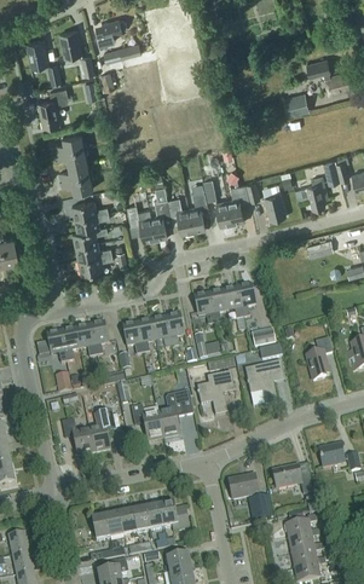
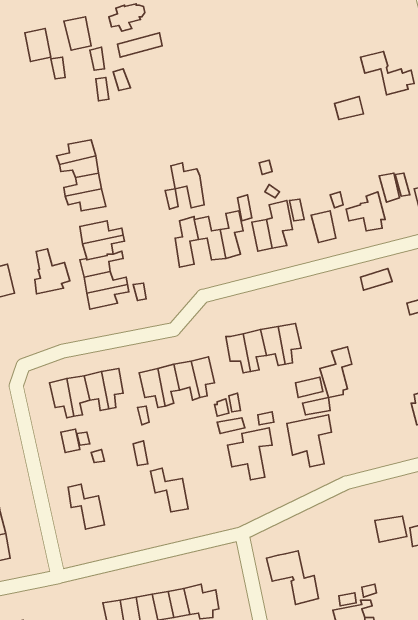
building: [39,87,68,125] -> none
building: [128,202,156,239] -> [171,163,204,208]
building: none -> [35,249,70,294]
building: [306,337,333,380] -> [320,347,352,397]
building: [158,394,195,439] -> none
building: [88,411,114,452] -> none
building: [273,466,313,493] -> none

